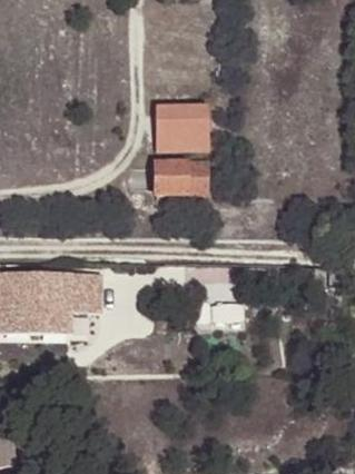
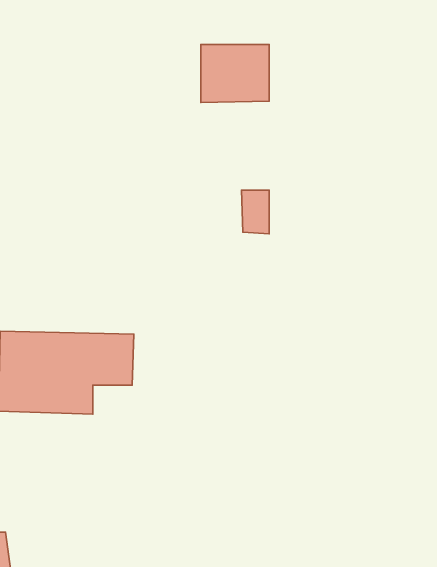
building: [155,106,207,150] -> [201,44,269,103]
building: [155,161,188,194] -> none

